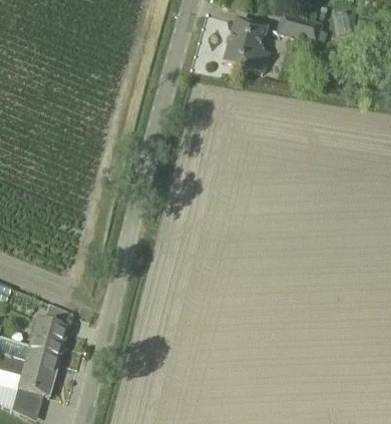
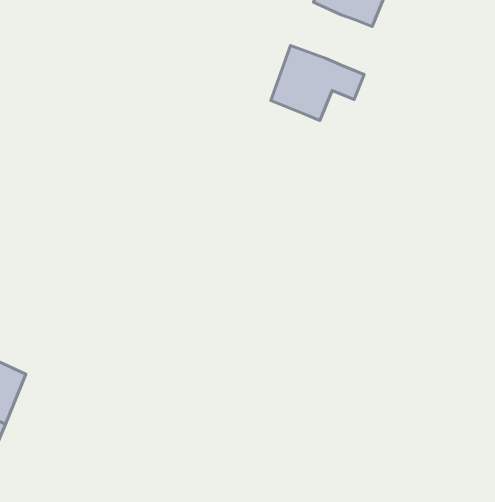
building: none -> [271,46,364,121]

